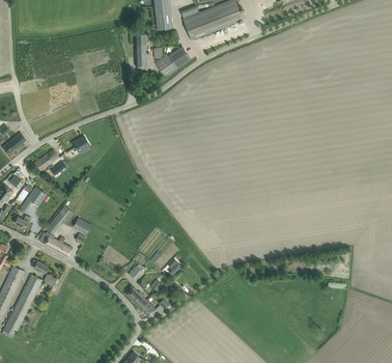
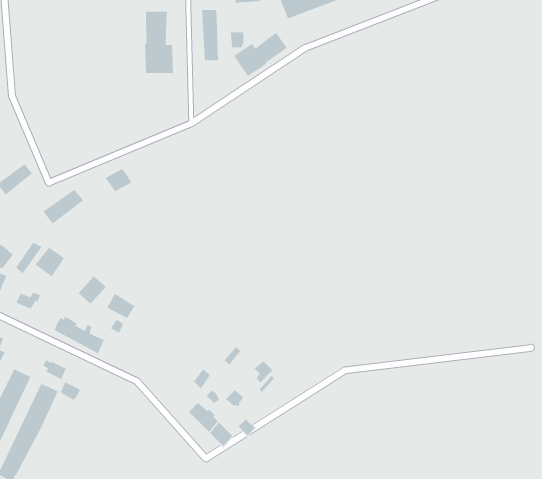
building: none -> [145,11,173,74]

